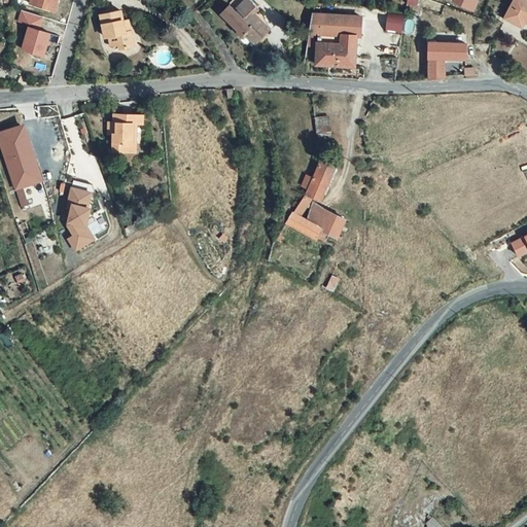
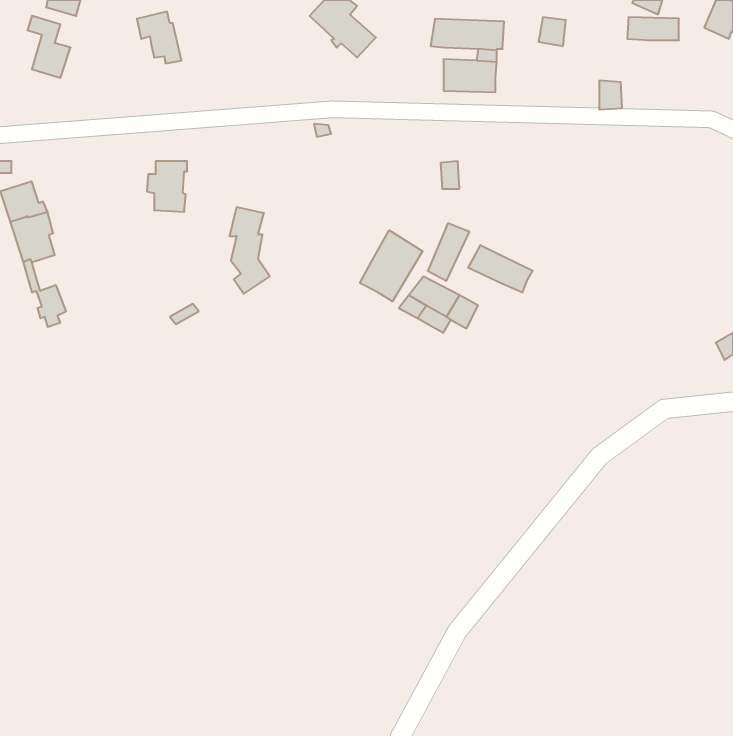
building: [428,42,465,59] -> [627,17,679,40]
building: none -> [360,230,423,301]
building: none -> [468,245,533,293]
building: [66,187,95,249] -> [229,207,270,294]

